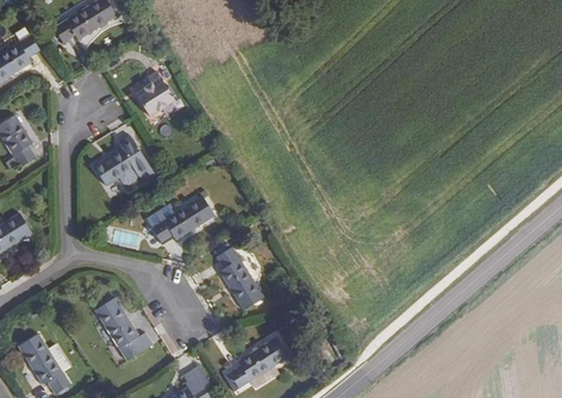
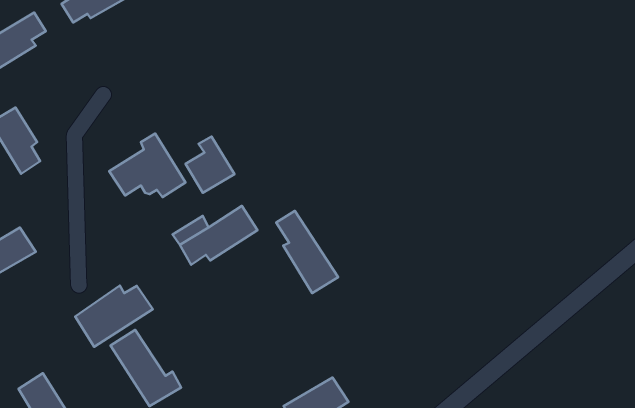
building: [135,70,175,117] -> [186,137,235,193]
building: [212,242,263,310] -> [276,211,338,293]
building: none -> [75,286,153,347]

